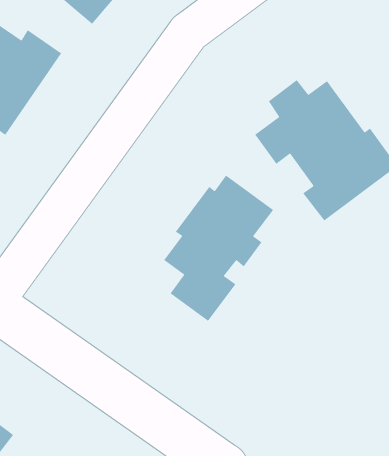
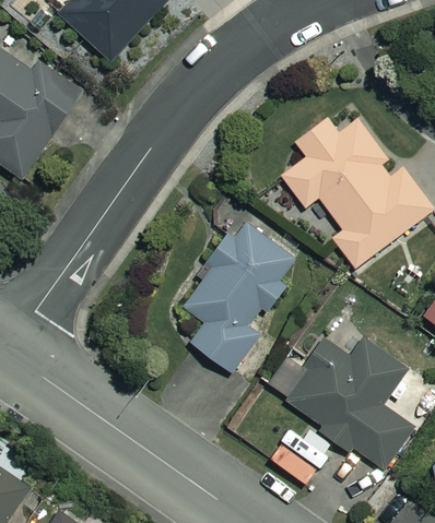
building: none -> [268,338,412,468]

